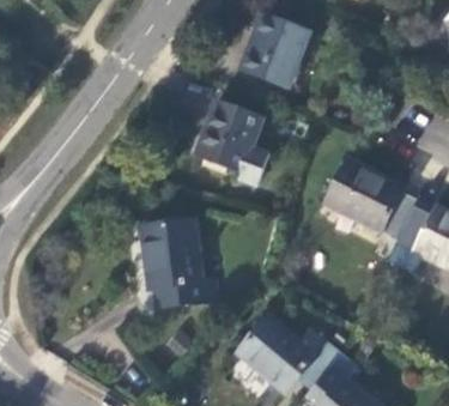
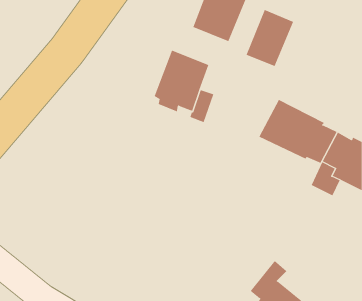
building: none -> [246,9,294,67]
building: [140,222,216,307] -> none
building: [235,315,341,395] -> none

